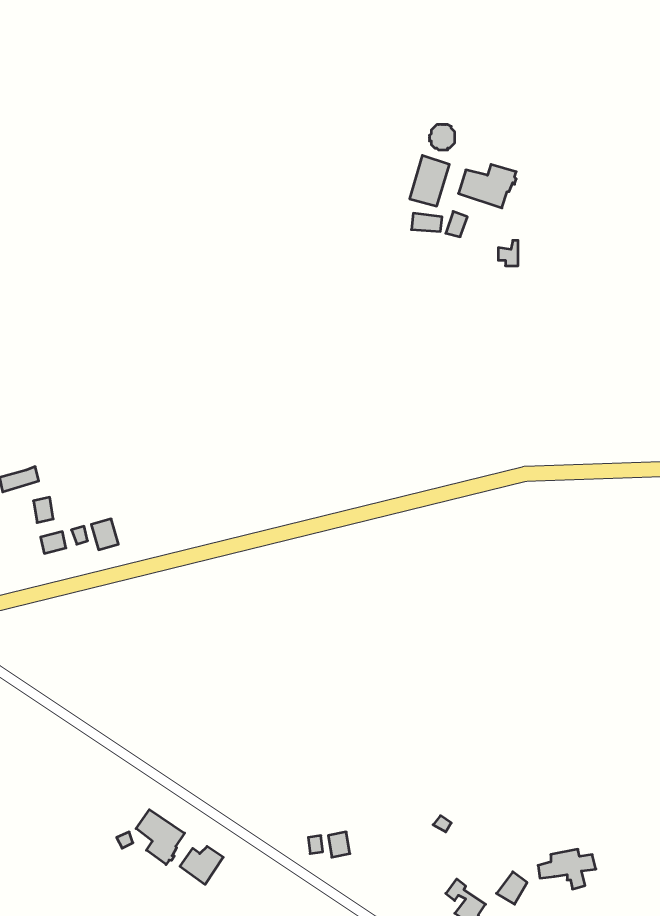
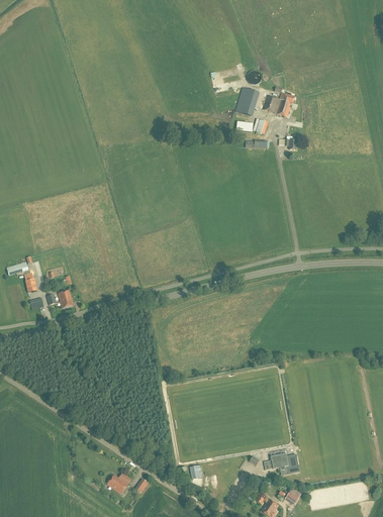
building: [136,810,185,865] -> none
building: [538,849,596,889] -> [264,452,296,475]

